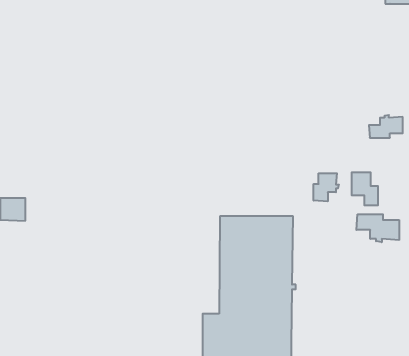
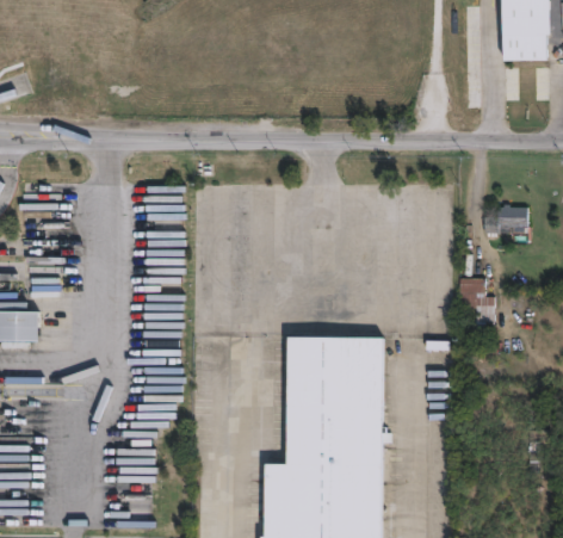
building: [314,173,339,201] -> none
building: [356,214,399,242] -> none

